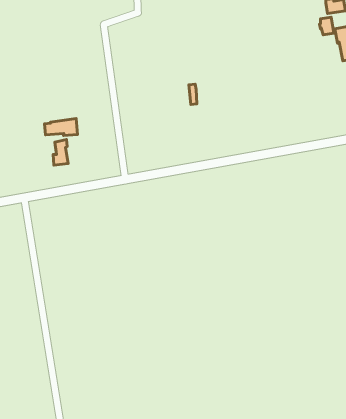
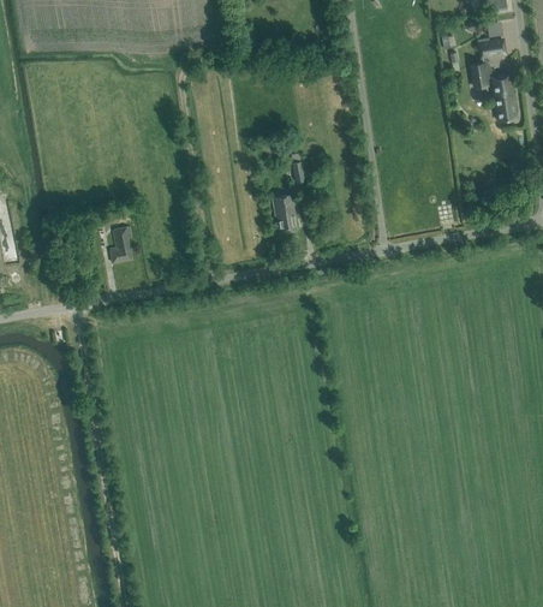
building: none -> [273,190,298,231]
building: [45,118,78,136] -> none

